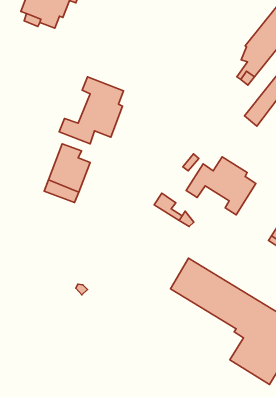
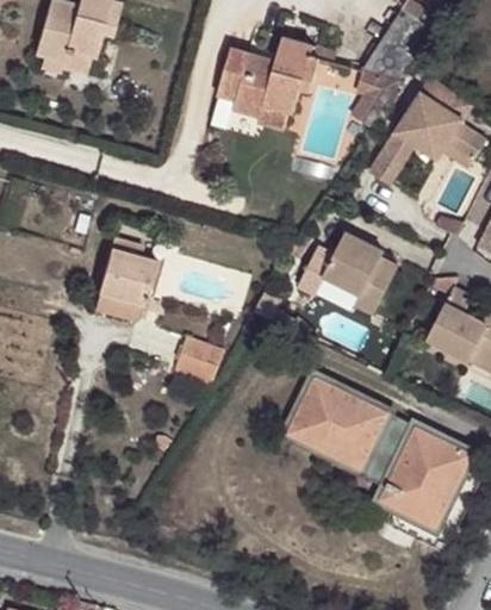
building: none -> [217,35,336,130]
building: [59,77,124,144] -> none
building: none -> [175,337,223,380]

